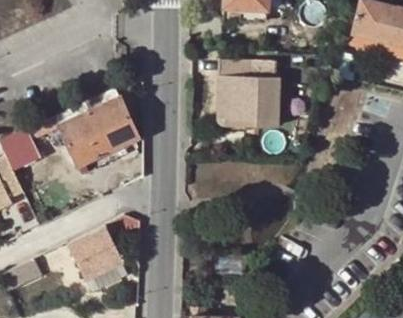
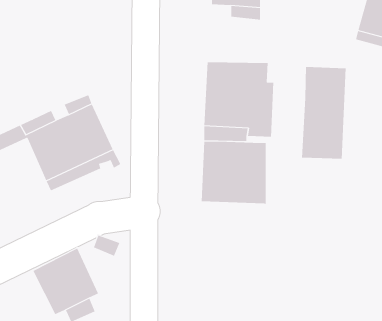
building: none -> [302,66,346,160]
building: none -> [201,141,266,205]

